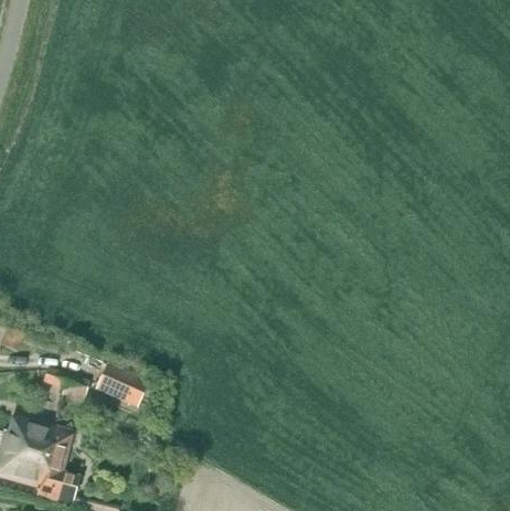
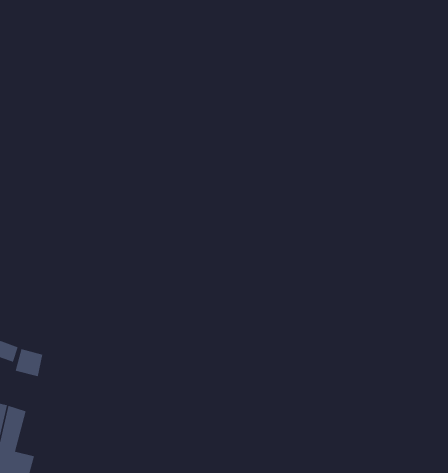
building: [96,364,142,404] -> none

